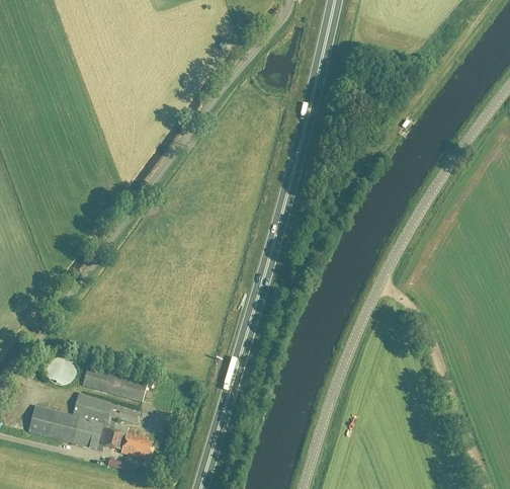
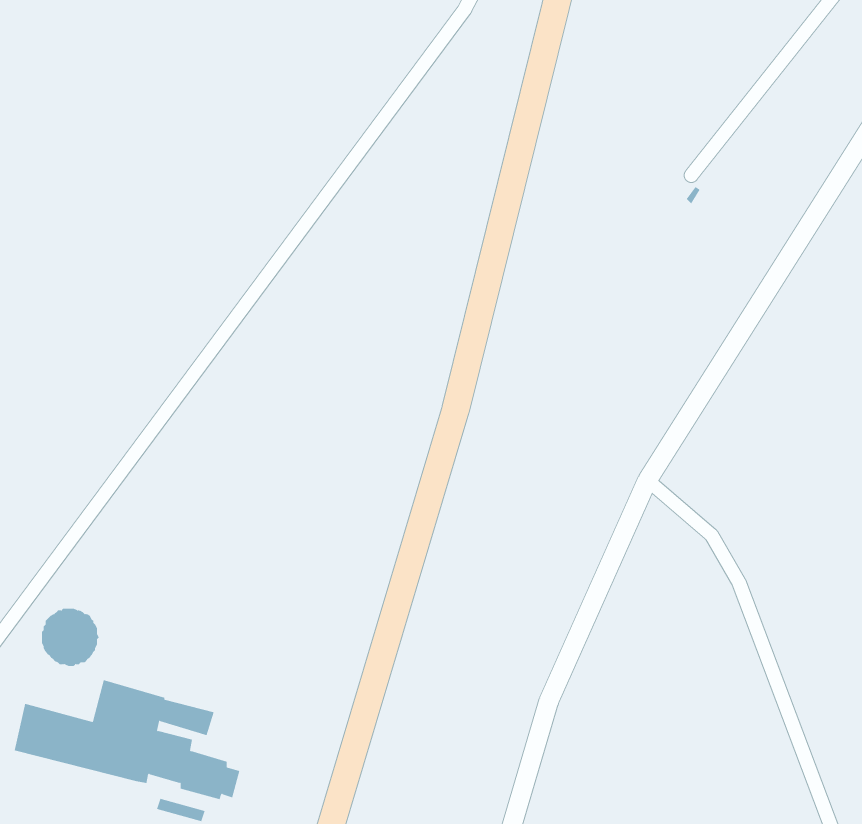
building: [82,366,148,401] -> none

